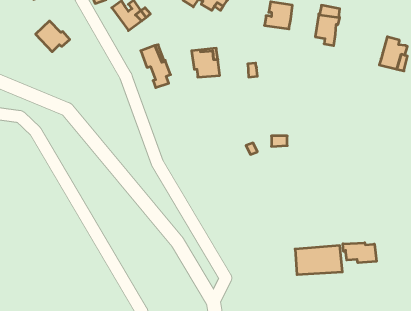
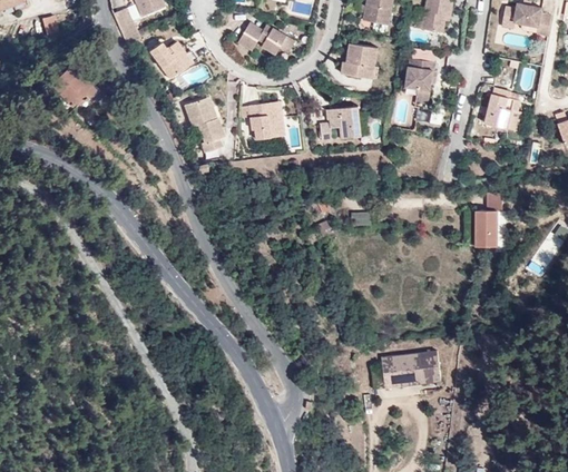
building: none -> [326,105,361,136]
building: none -> [477,191,503,246]
building: [343,243,376,263] -> none

